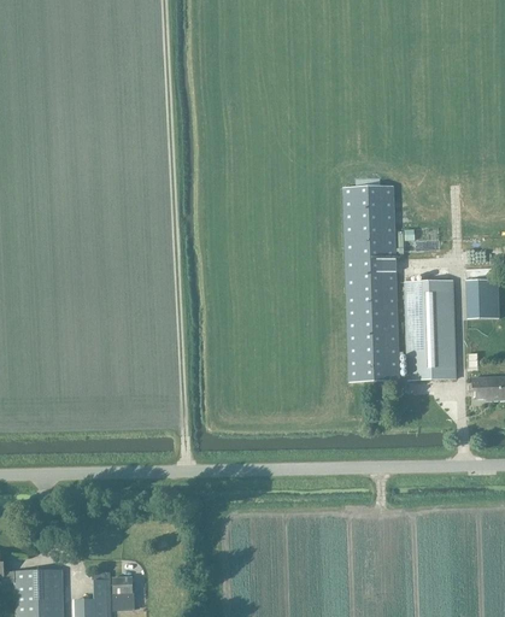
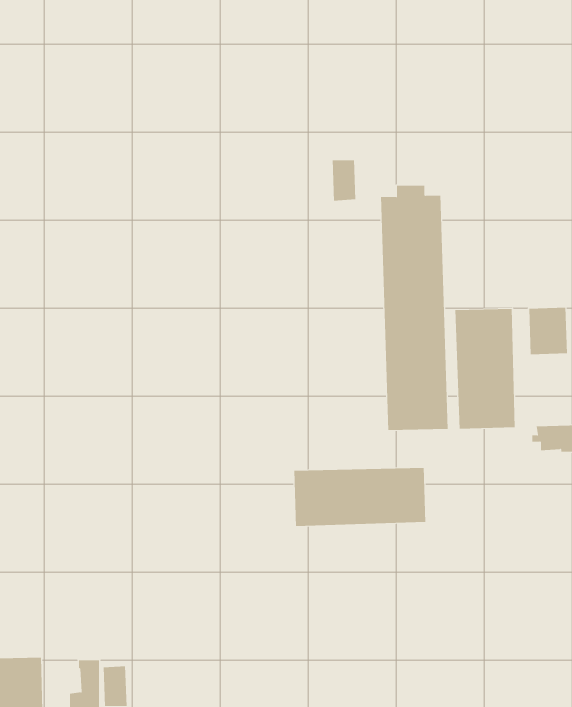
building: none -> [332,159,356,202]
building: none -> [294,467,426,527]

